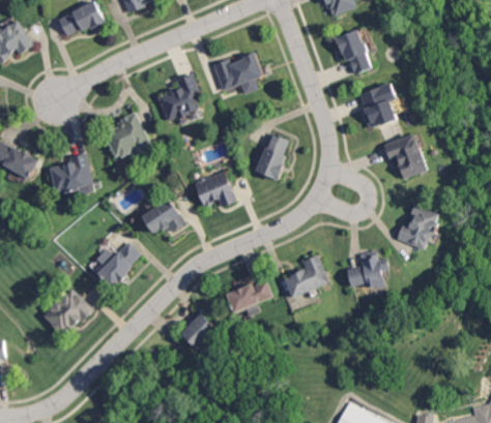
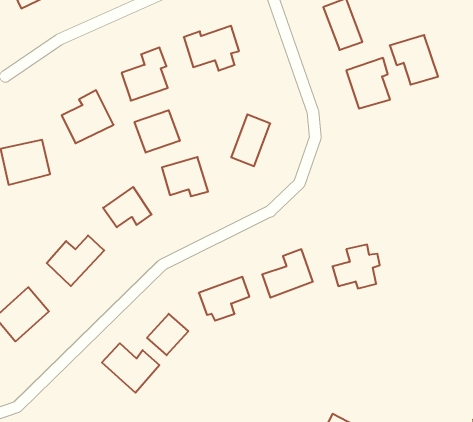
building: none -> [135,110,180,153]
building: [384,134,428,179] -> [390,35,438,85]
building: [396,204,440,250] -> none
building: none -> [102,343,159,393]

